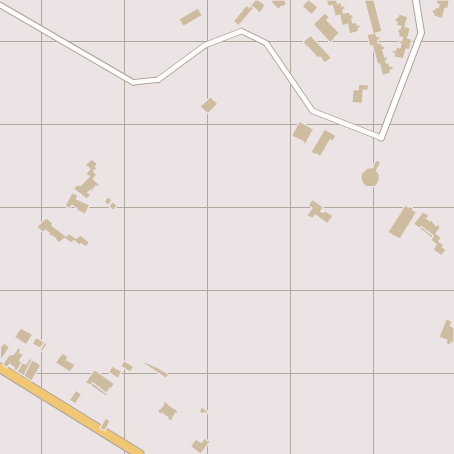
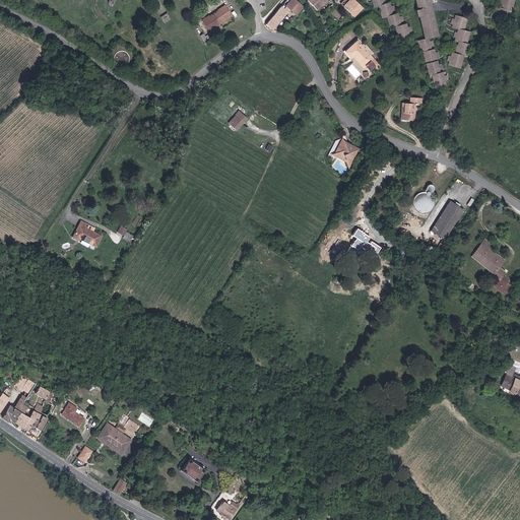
building: [313,13,339,43] -> none
building: [311,129,336,157] -> none
building: [73,159,100,199] -> none
building: [388,205,417,239] -> [431,200,464,239]
building: [37,218,90,247] -> none

